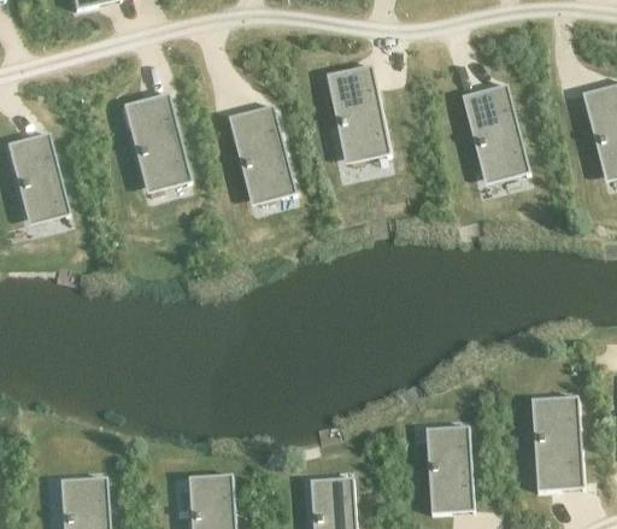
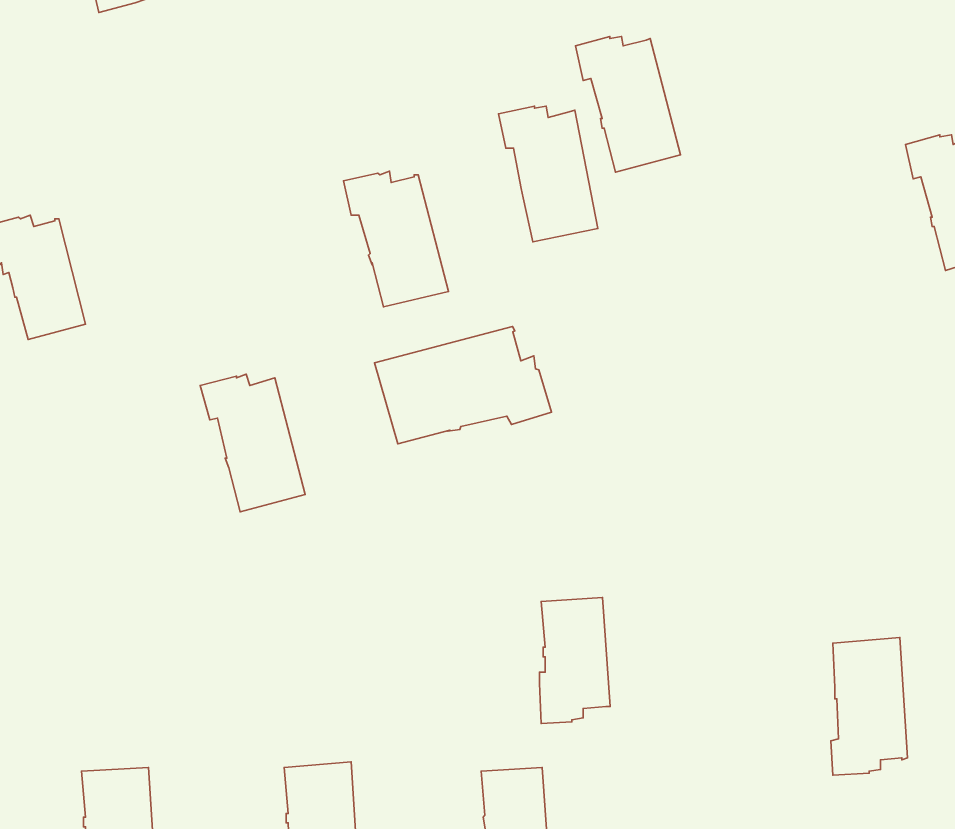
building: [460,89,527,175] -> [575,36,681,172]
building: [119,98,186,184] -> [200,374,305,512]
building: none -> [374,327,552,444]
building: [428,434,472,513] -> [539,598,610,724]

